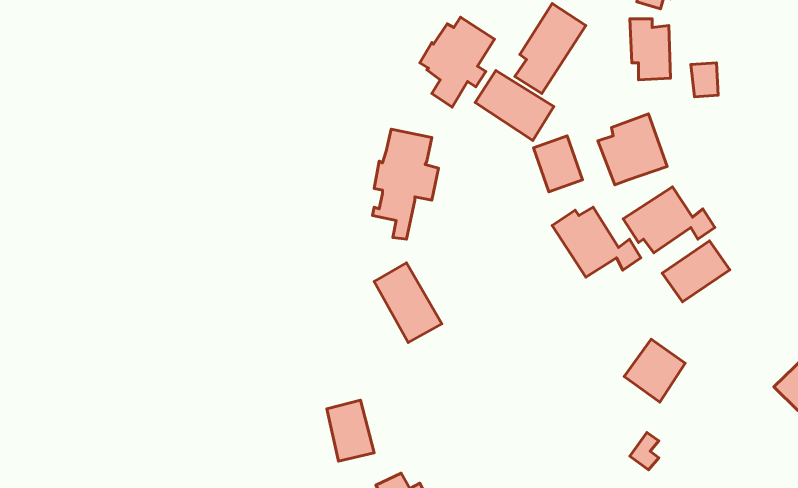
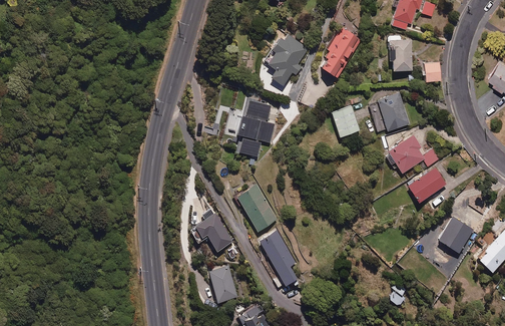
building: [475,70,554,140] -> none
building: [552,207,641,277] -> none
building: none -> [189,210,231,248]
building: [624,339,685,402] -> [435,214,471,251]
building: none -> [259,228,297,286]

